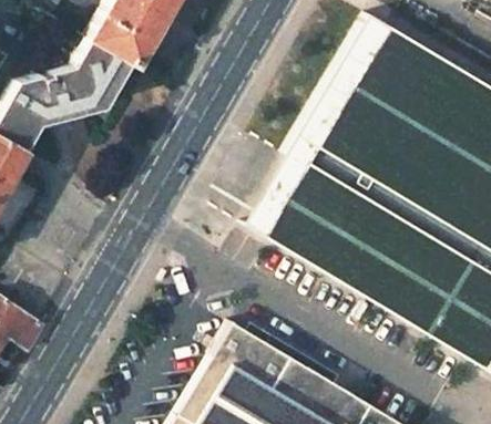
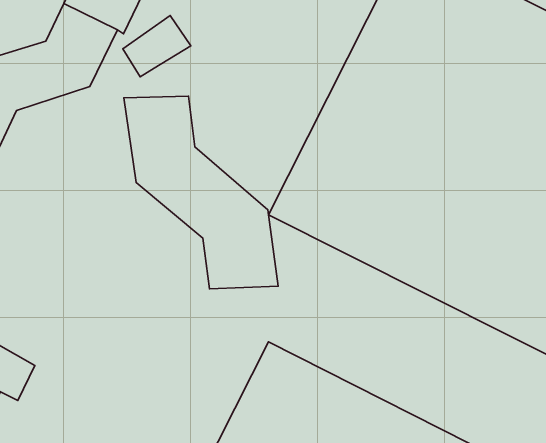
building: none -> [123,16,191,77]
building: none -> [124,96,278,289]

